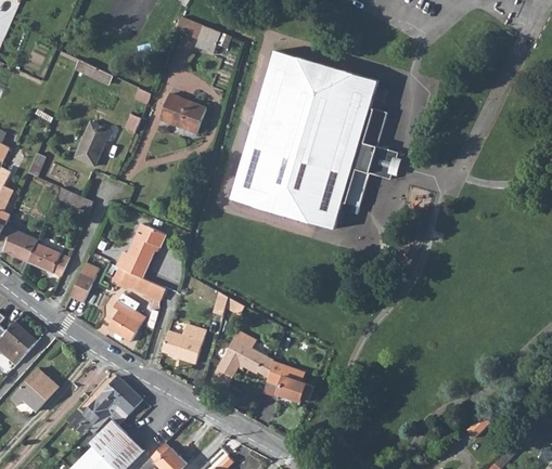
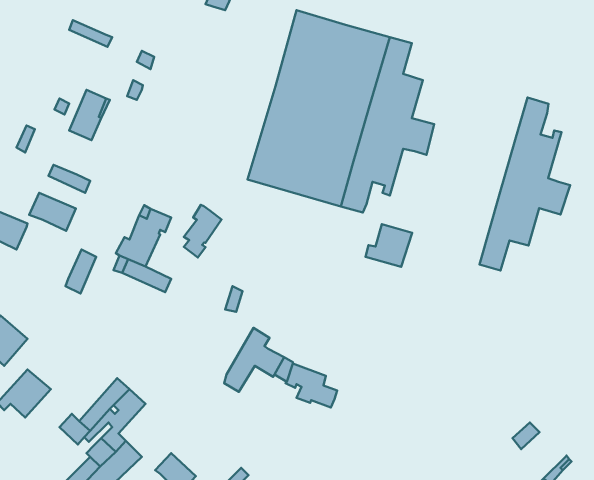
building: [158,93,205,133] -> none
building: none -> [479,98,570,271]
building: none -> [184,205,222,258]
building: none -> [366,224,412,267]
building: [27,243,68,276] -> [29,193,76,231]
building: [107,300,144,340] -> none
building: [161,325,205,364] -> none

